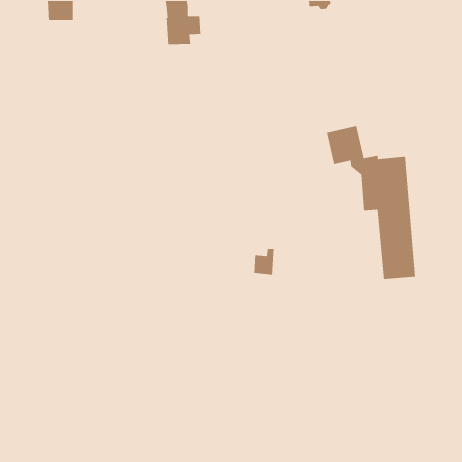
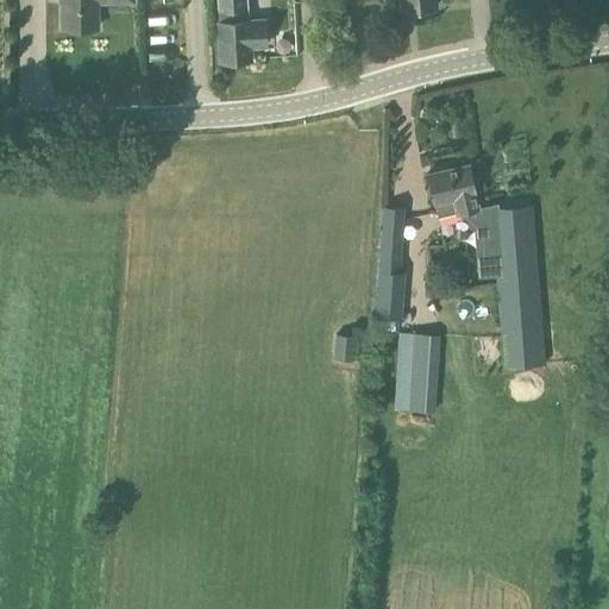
building: none -> [375,207,404,319]
building: none -> [394,333,440,423]

